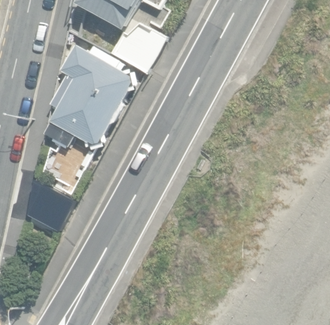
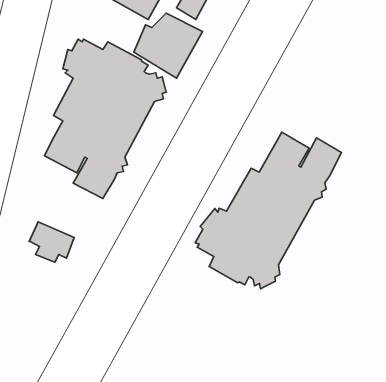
building: none -> [195,132,341,289]

